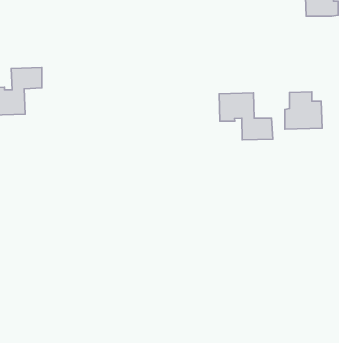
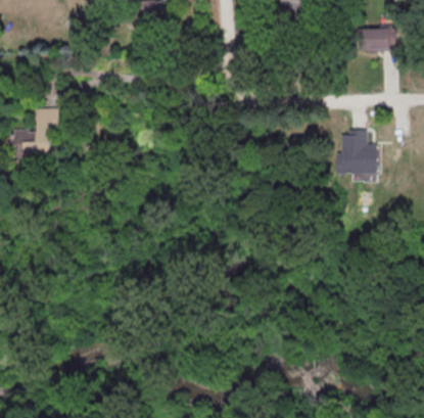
building: [219,93,273,140] -> none

